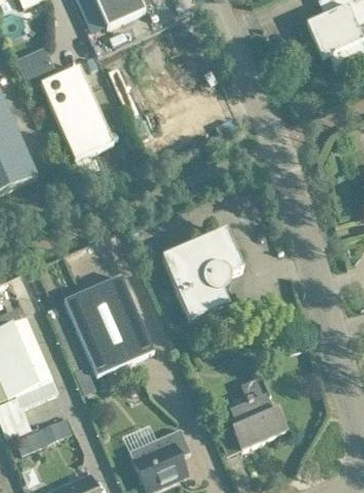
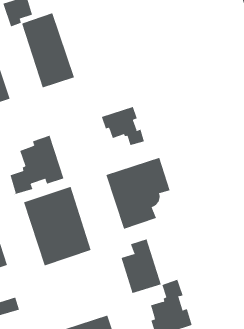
building: none -> [101,106,145,146]
building: none -> [10,135,64,196]
building: none -> [121,238,162,294]

